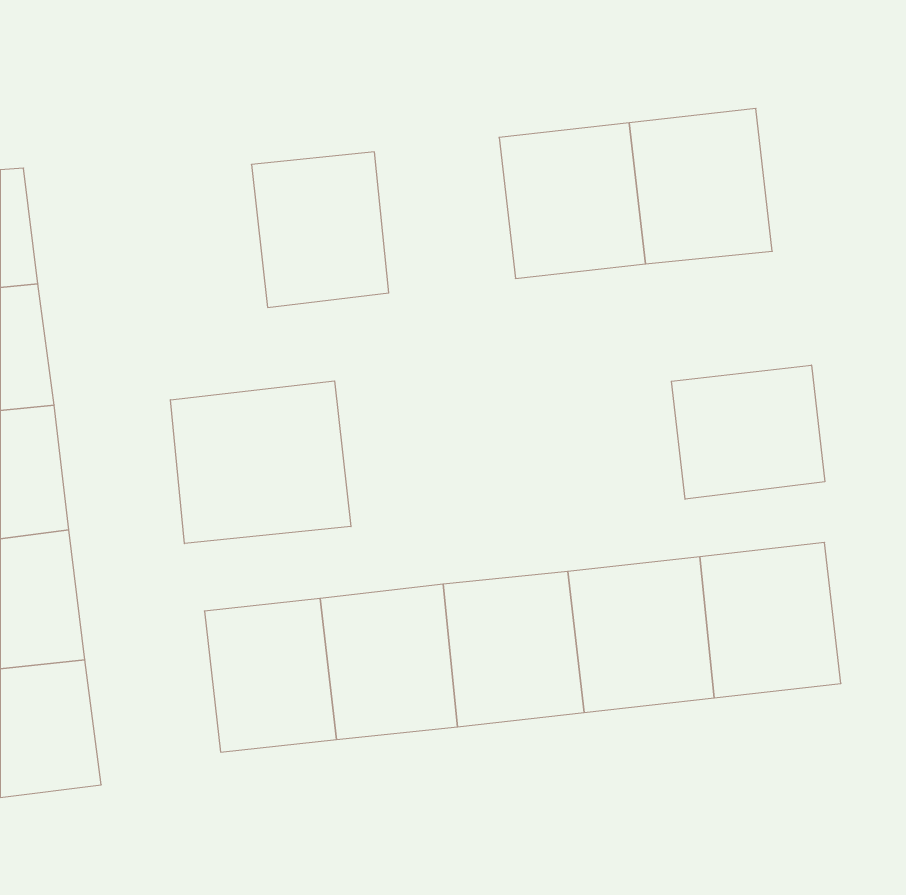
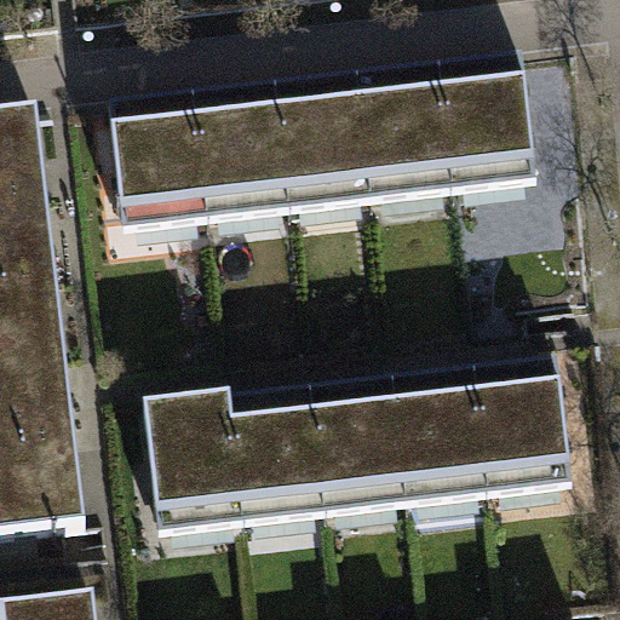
building: none -> [263,92,357,196]
building: none -> [103,110,191,214]
building: [671,365,825,499] -> none
building: [170,381,351,544] -> none

